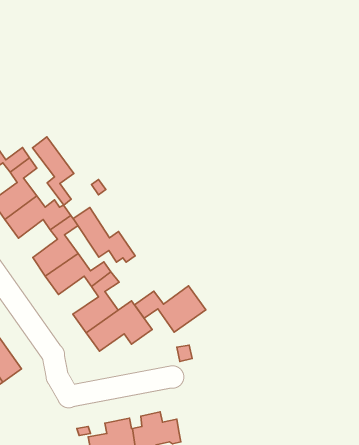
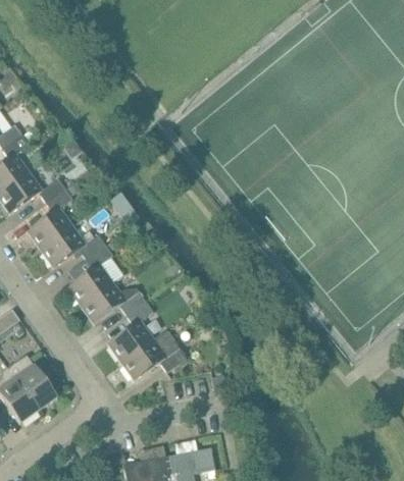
building: [33,137,74,205] -> none
building: [73,208,135,262] -> none
building: [134,286,206,332] -> none

